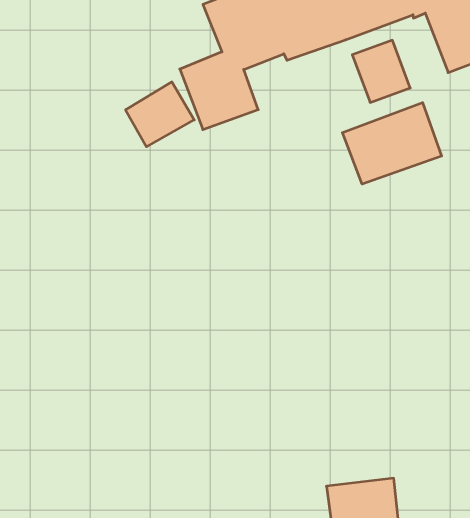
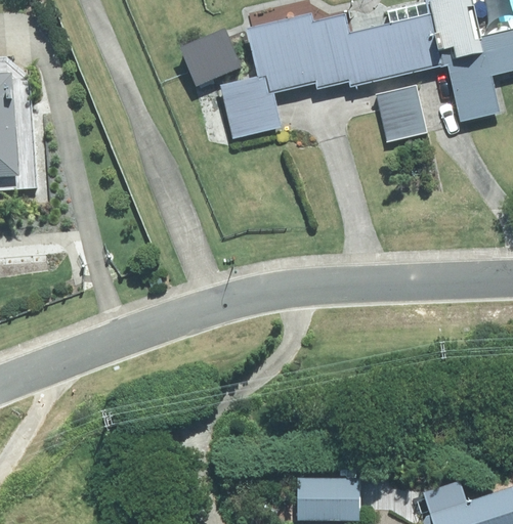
building: [126,82,194,147] -> [181,28,242,83]
building: [342,103,442,184] -> none

